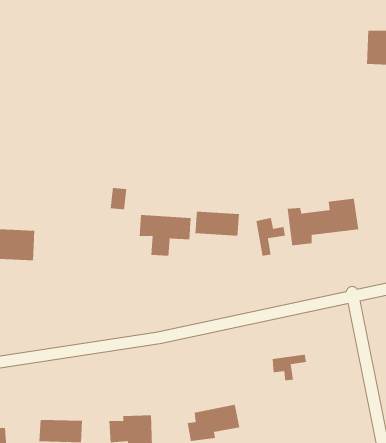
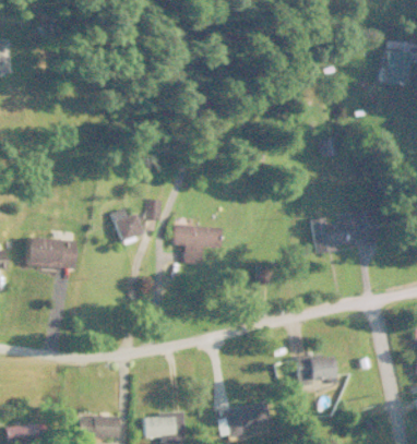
building: none -> [111,209,141,241]
building: [195,211,239,236] -> none
building: [256,217,286,257] -> none

